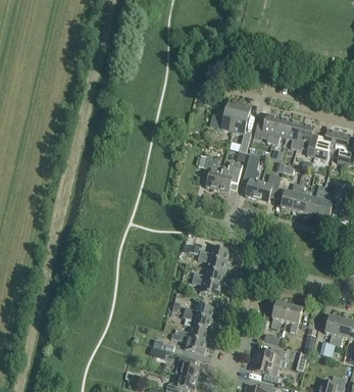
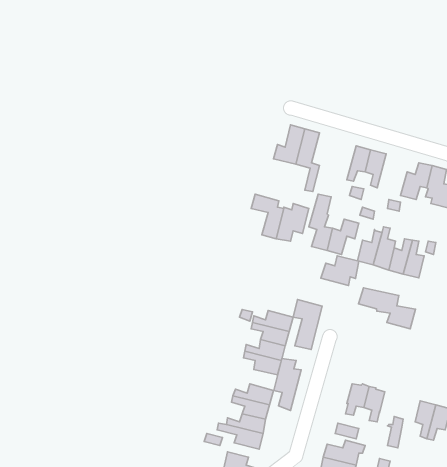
building: [254,113,279,143] -> none
building: [295,122,318,155] -> none
building: none -> [321,256,359,285]
building: none -> [359,288,415,329]
building: none -> [293,299,322,350]
building: none -> [274,358,301,410]

